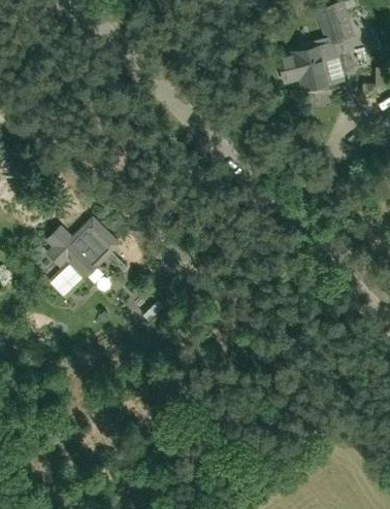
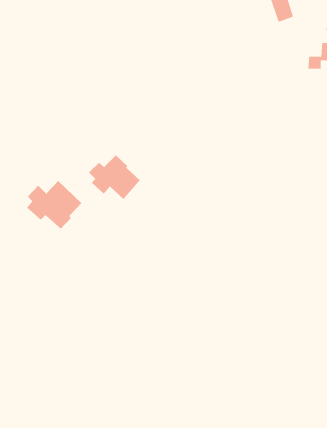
building: [282,42,332,90] -> none
building: none -> [88,154,141,200]

